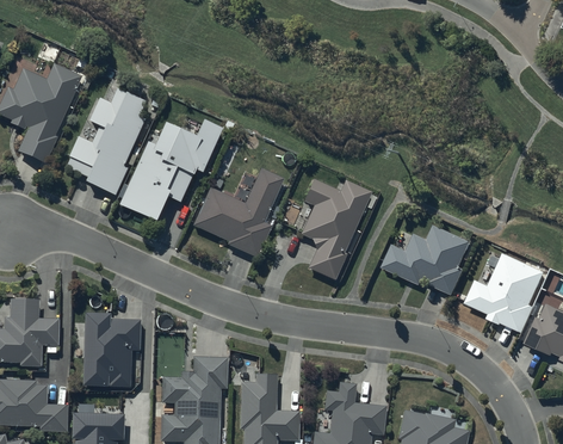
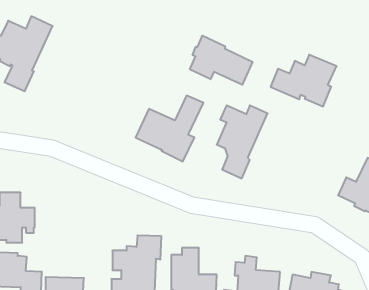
building: [66,82,147,196] -> none
building: none -> [190,36,252,85]
building: [119,119,223,221] -> none
building: [382,224,470,294] -> [271,55,337,106]
building: [82,312,141,387] -> none

